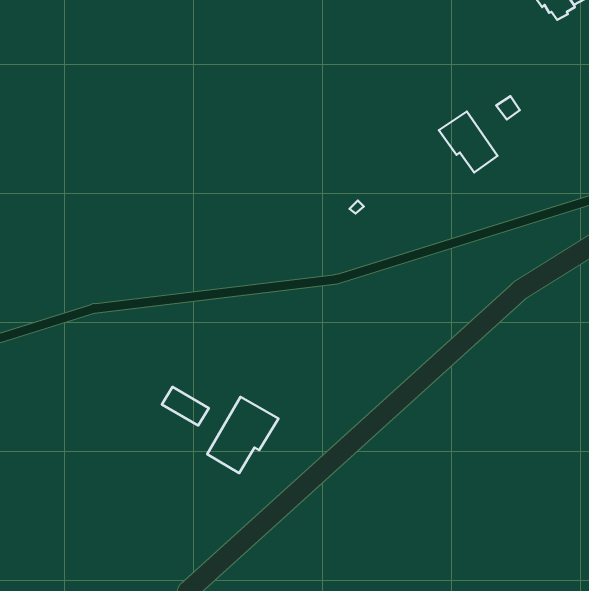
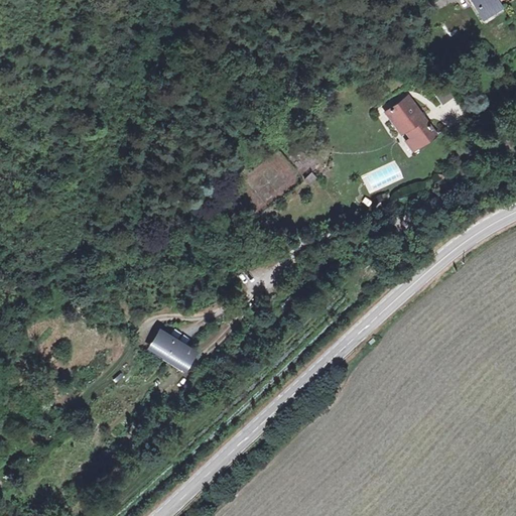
building: [207,397,279,473] -> none

